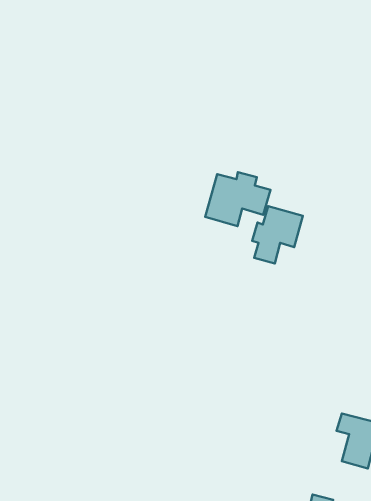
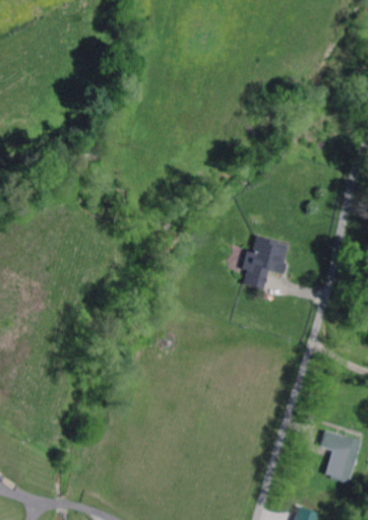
building: [205,172,271,226] -> none

